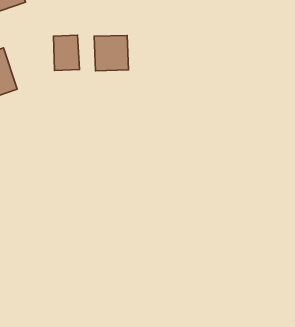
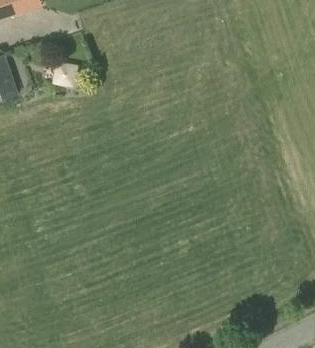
building: [94,35,129,71] -> none

